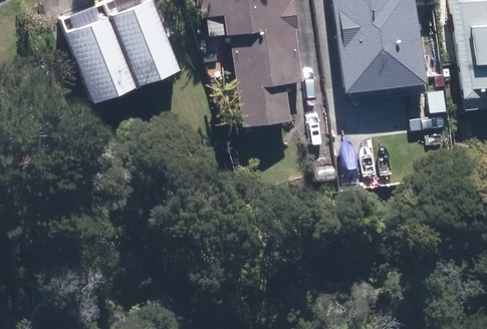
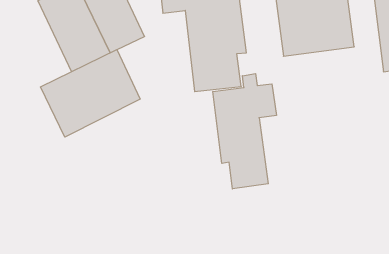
building: none -> [41,50,140,137]
building: none -> [213,74,276,189]

